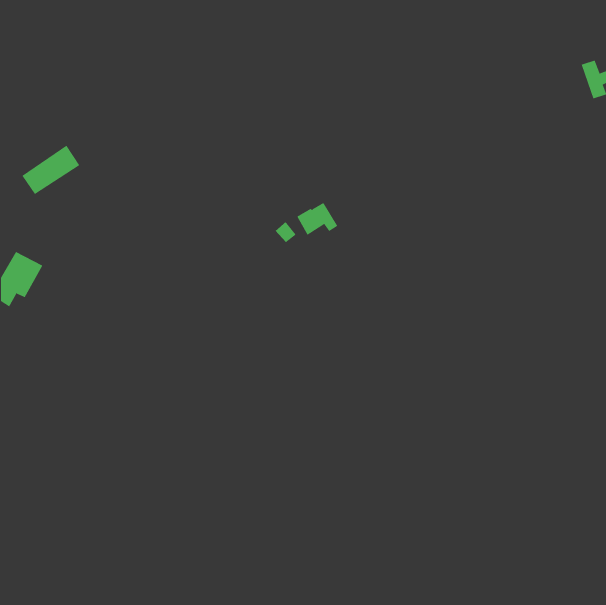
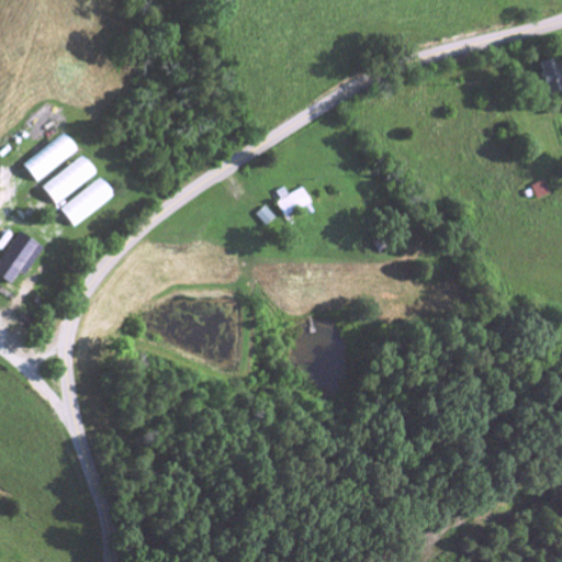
building: none -> [43,155,95,203]
building: none -> [60,177,113,225]

